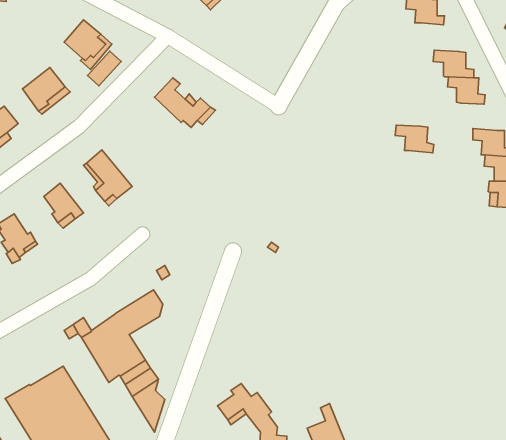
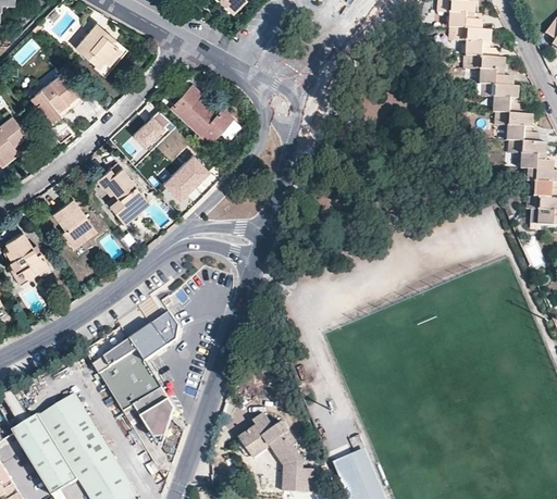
building: none -> [457,27,497,58]
building: [87,51,121,86] -> [134,110,170,147]
building: [395,125,434,153] -> [498,113,540,142]
building: none -> [162,154,208,199]

